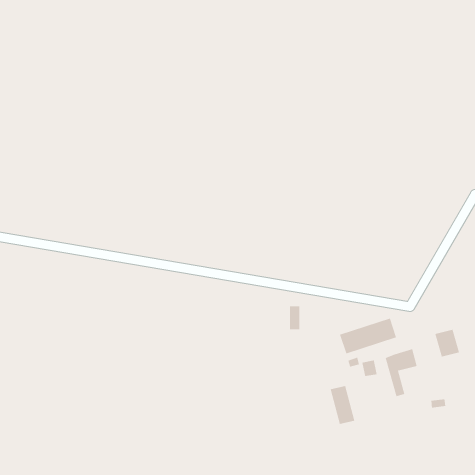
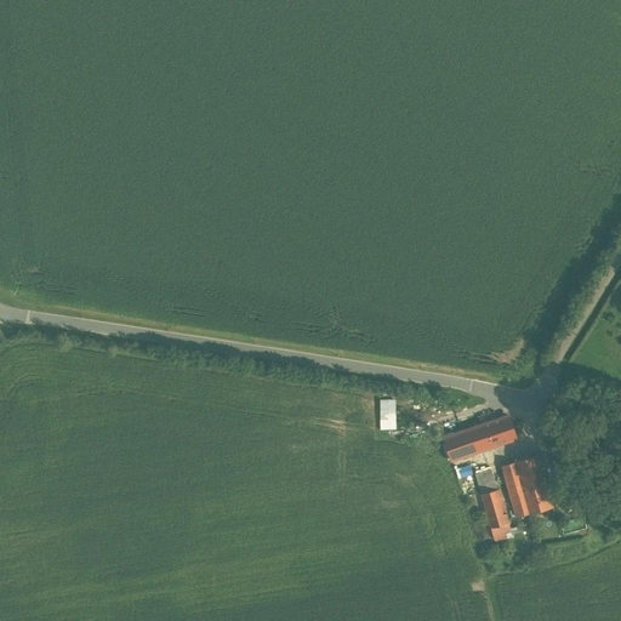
building: [435,329,460,357] -> [520,478,553,514]
building: [330,386,355,425] -> [478,491,511,542]

